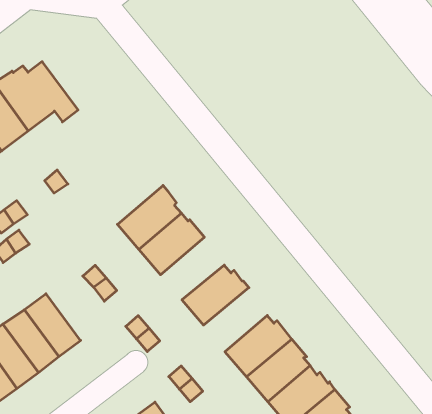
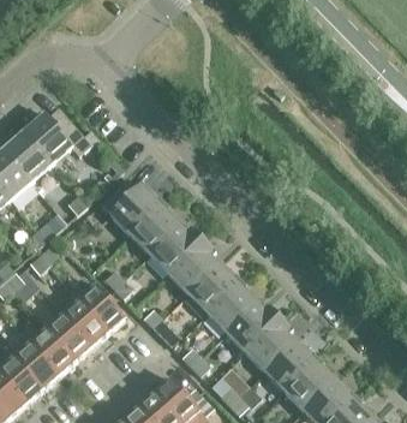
building: none -> [101,178,166,237]
building: none -> [169,242,221,294]
building: none -> [77,284,125,334]
building: none -> [208,280,259,334]

